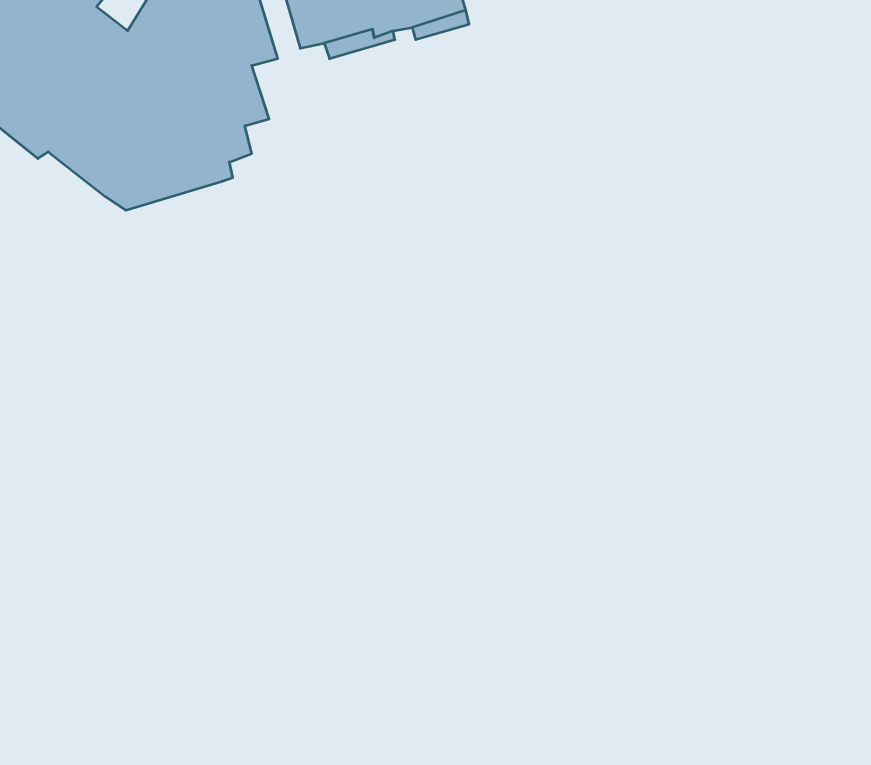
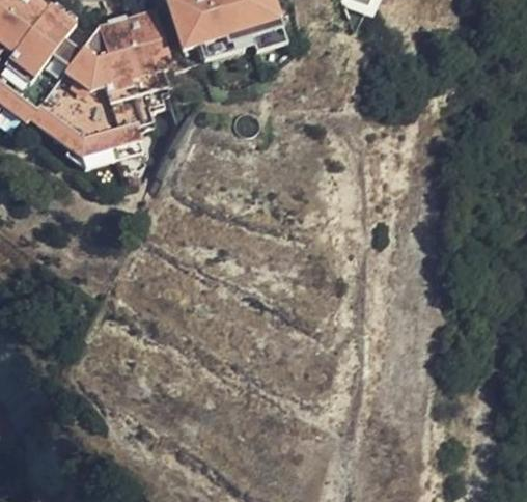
building: none -> [60,131,138,161]

